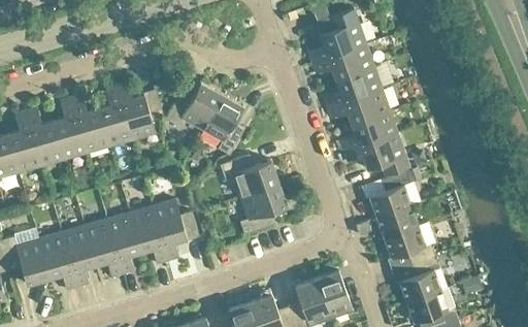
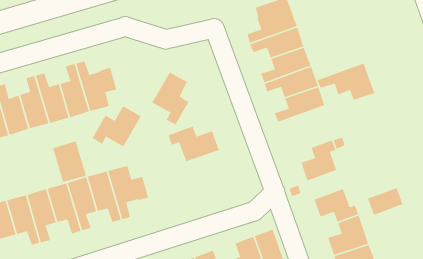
building: [165,81,222,129] -> [92,105,142,147]
building: [343,132,409,175] -> [317,62,375,101]
building: none -> [52,140,87,183]
building: [240,183,287,234] -> none
building: [376,205,418,237] -> [367,187,404,216]

